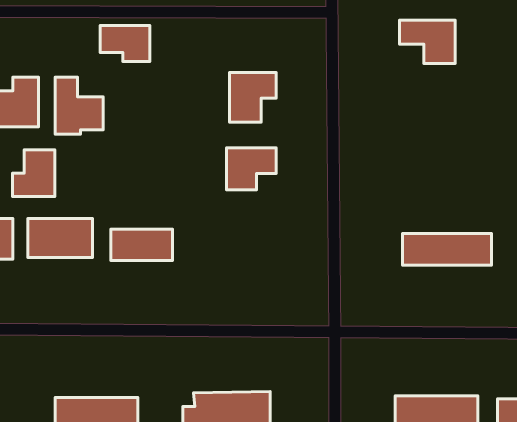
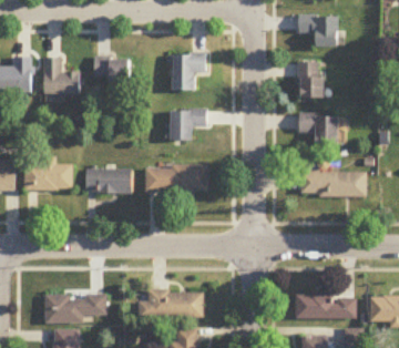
building: [100,25,150,61] -> [94,58,131,84]
building: none -> [298,63,324,100]
building: [13,150,55,197] -> none
building: none -> [298,114,338,146]
building: none -> [144,167,207,195]

